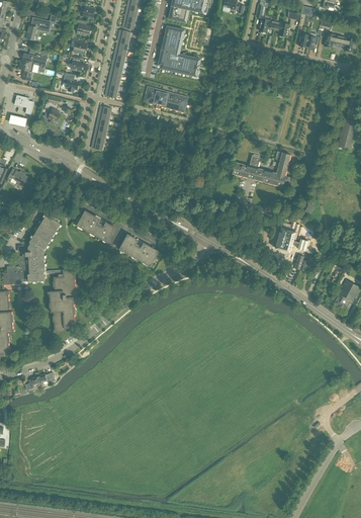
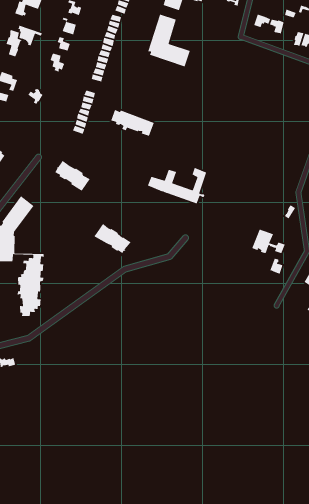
building: [144,87,187,111] -> [110,109,155,137]
building: [232,150,289,186] -> [147,167,207,204]
building: [78,210,114,240] -> [54,160,91,191]

